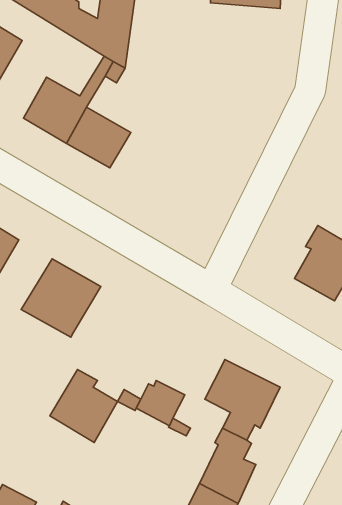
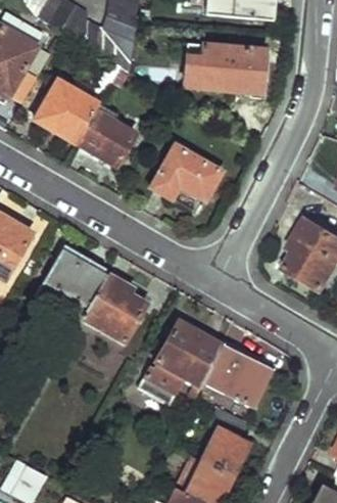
building: none -> [183,43,263,92]
building: none -> [149,146,219,201]
building: none -> [156,321,219,382]
building: [50,369,117,443] -> [80,274,142,341]

